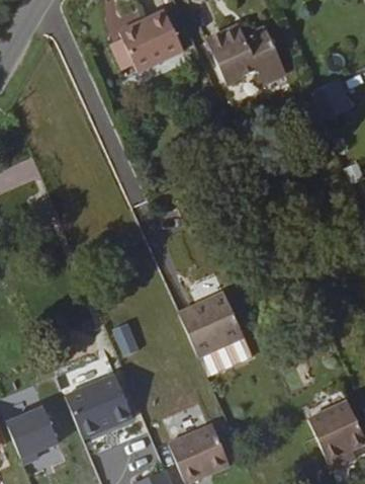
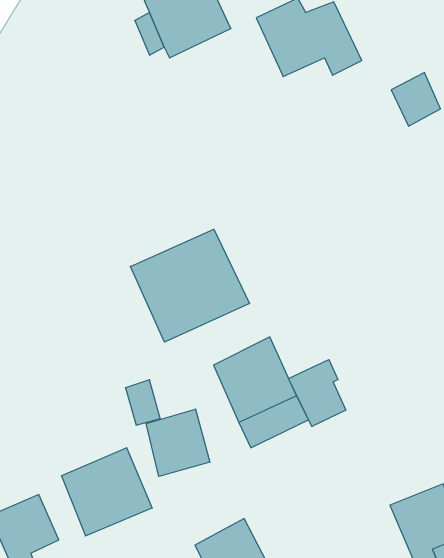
building: none -> [130,229,249,342]
building: none -> [289,360,346,427]
building: none -> [146,409,210,476]

